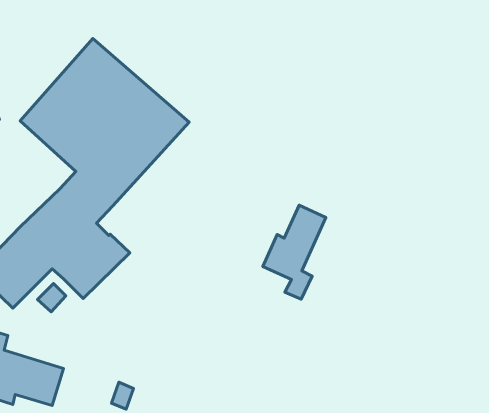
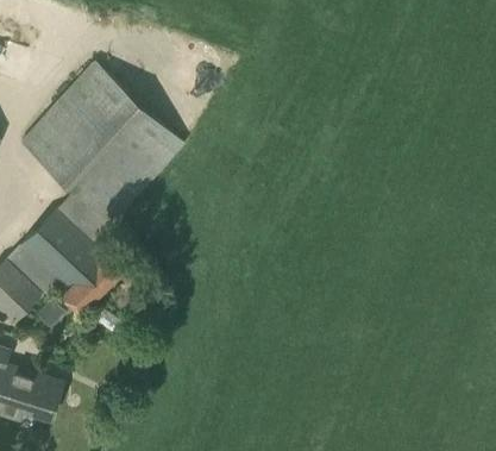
building: [263,205,326,299] -> none

